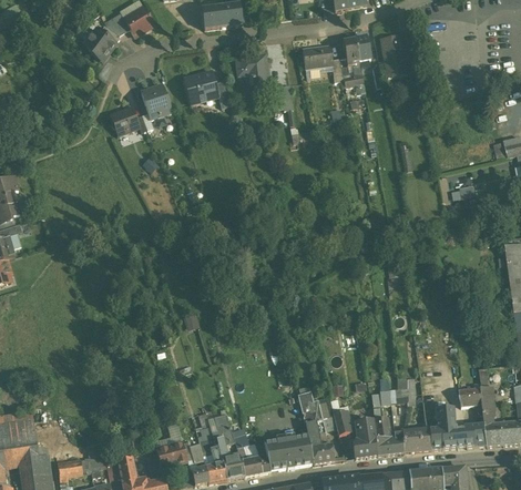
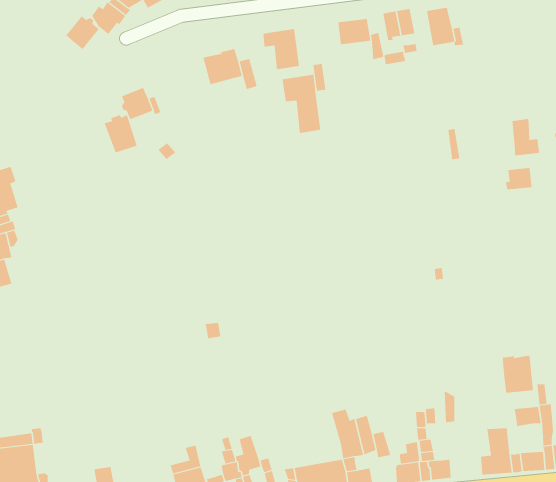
building: none -> [66,15,99,50]
building: [141,84,171,119] -> [104,115,138,153]
building: none -> [282,74,321,134]
building: none -> [512,118,540,156]
building: none -> [502,353,533,394]
building: [402,429,430,451] -> none

